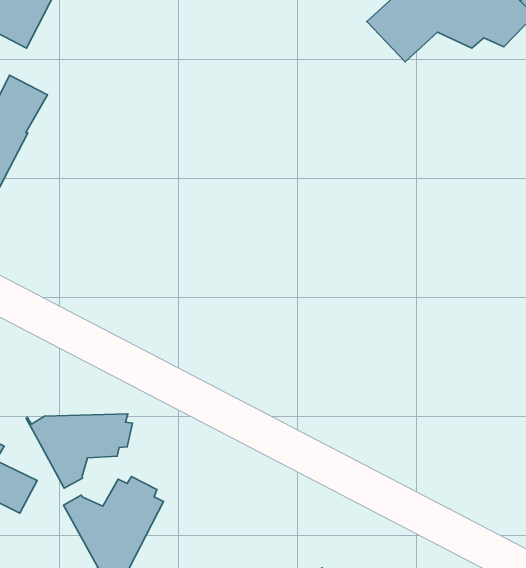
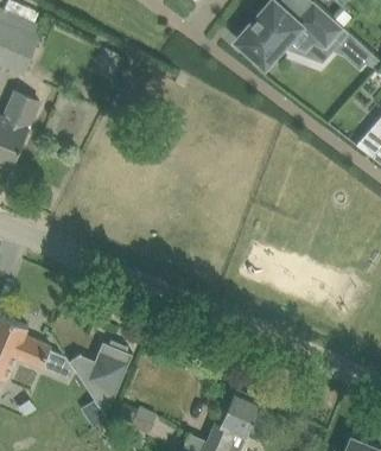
building: [26,414,133,488] -> none

